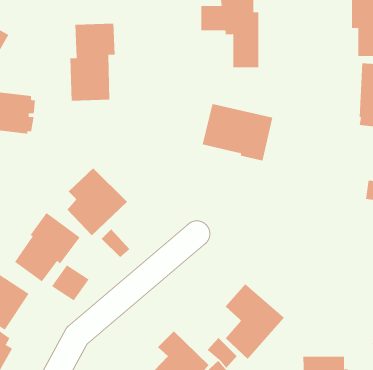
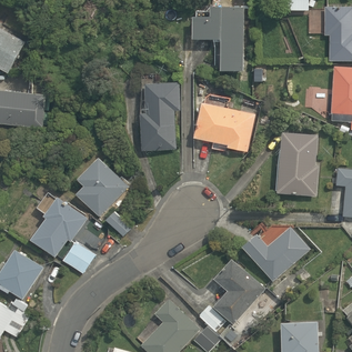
building: [69,23,115,101] -> [140,83,180,151]
building: none -> [276,132,319,197]
building: none -> [242,227,310,282]

